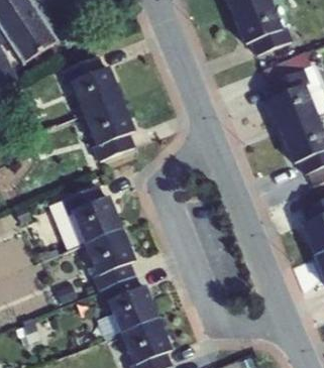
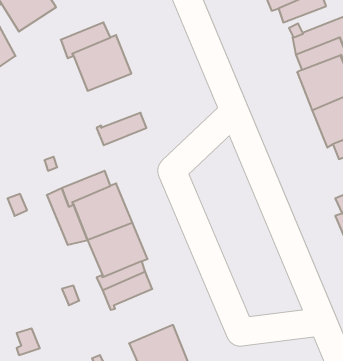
building: [85,99,136,146] -> none
building: [108,284,159,334] -> none

